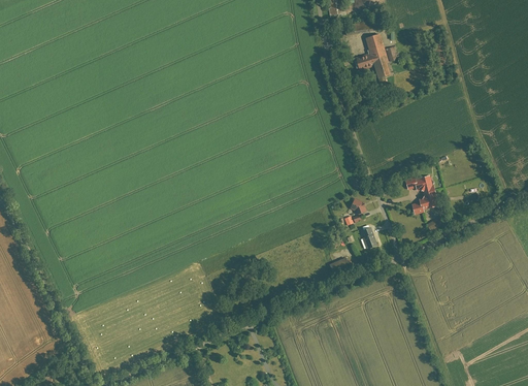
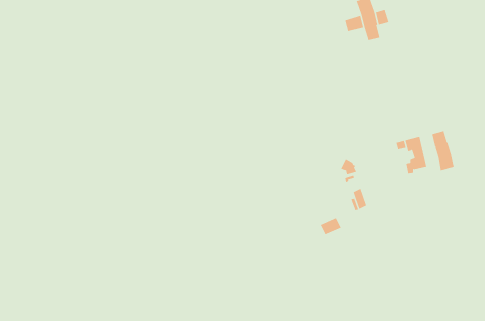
building: none -> [432,131,455,171]

